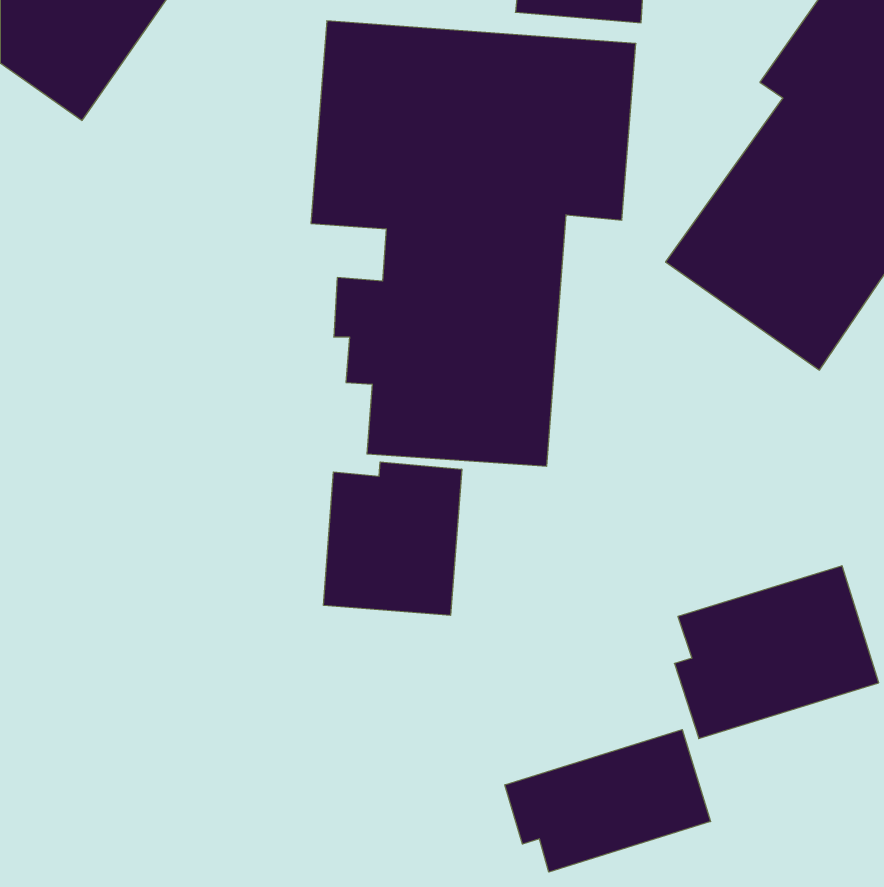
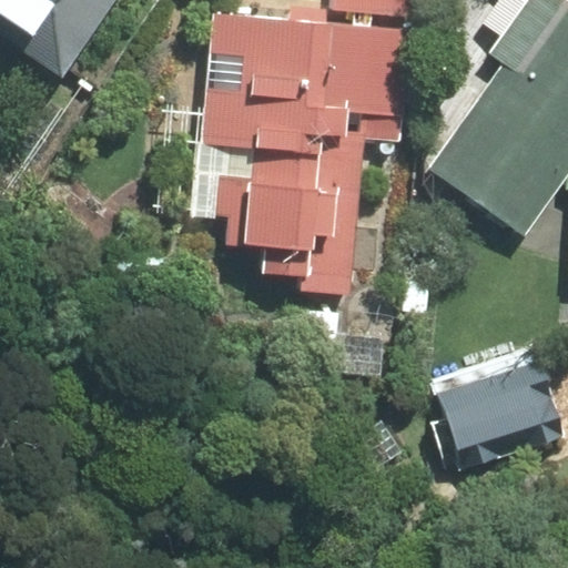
building: [324,462,462,615] -> none
building: [505,730,711,872] -> none

